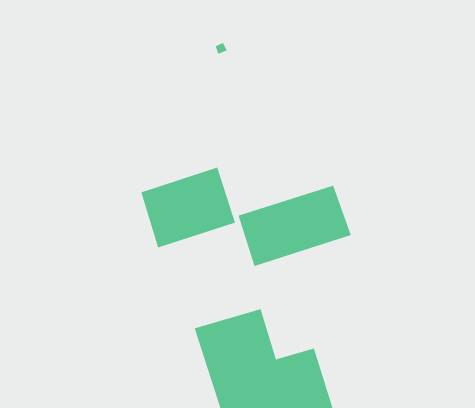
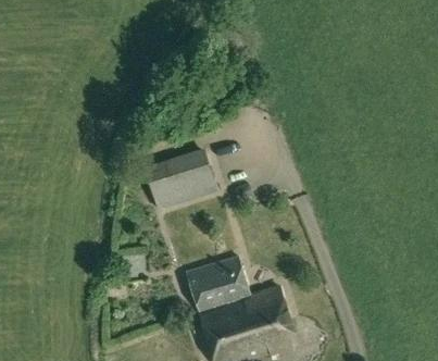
building: [238,185,351,267] -> none

